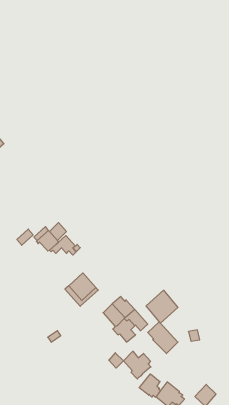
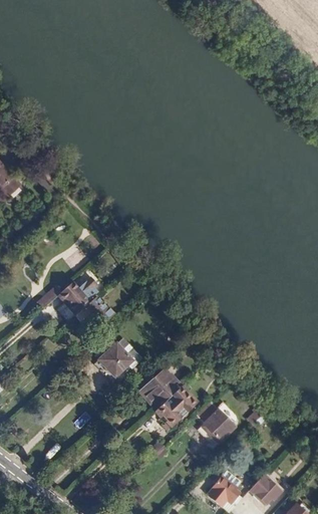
building: [146,290,178,323] -> none
building: [123,351,151,379] -> none
building: [139,374,160,397] -> none

